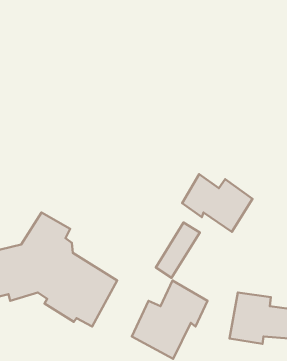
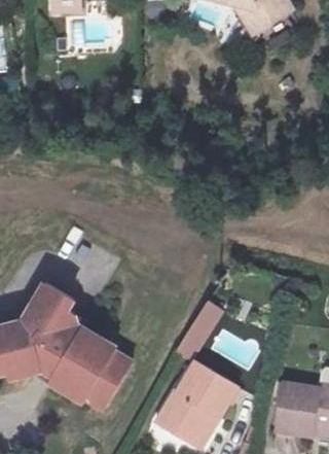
building: [182,174,253,232] -> none

